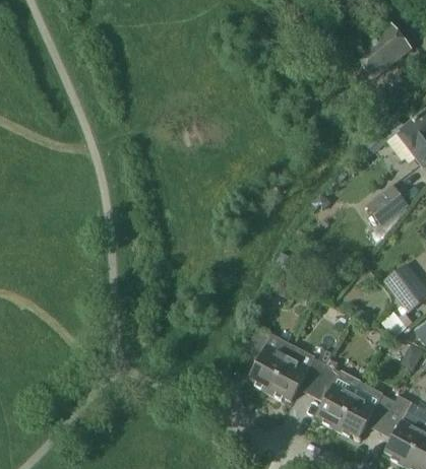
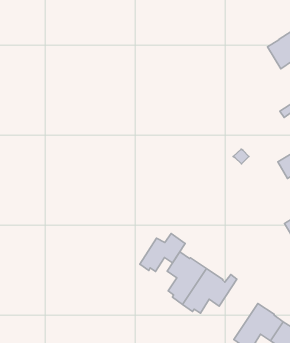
building: none -> [140,234,185,272]
building: [313,361,361,430] -> none

